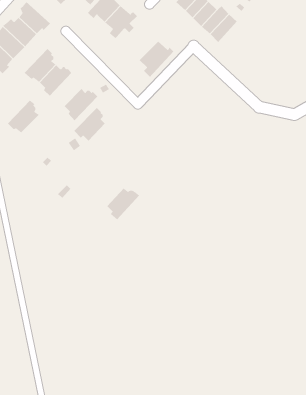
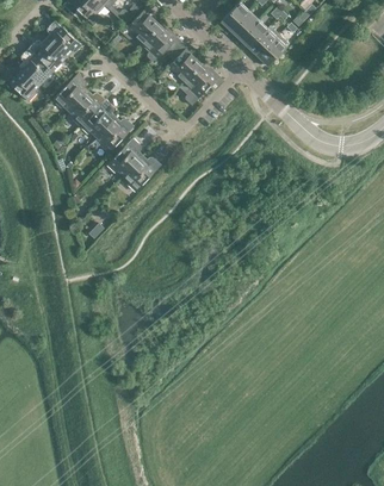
building: none -> [160,46,200,86]
building: [7,100,39,133] -> [80,100,116,137]
building: [106,188,140,220] -> [123,156,160,192]

